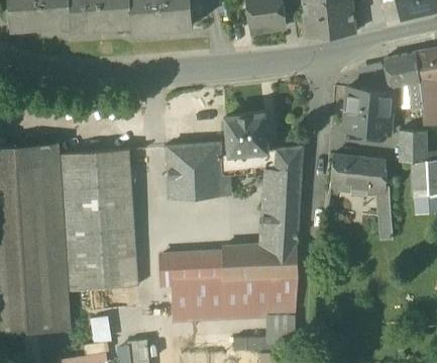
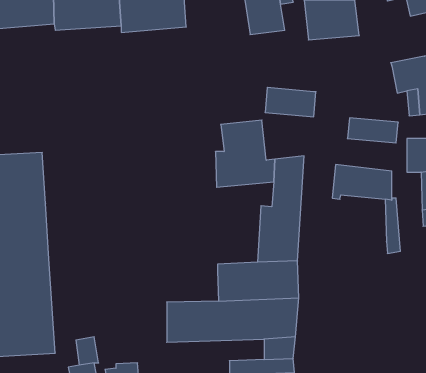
building: [345,88,393,115] -> [265,87,316,117]
building: [168,143,222,198] -> none
building: [62,149,138,291] -> none
building: [158,254,223,284] -> none

